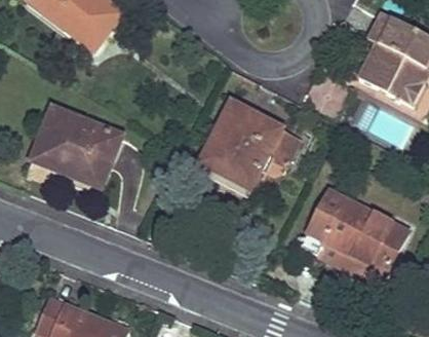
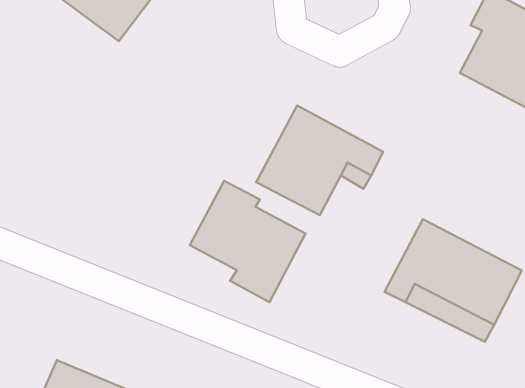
building: [33,109,122,188] -> none
building: none -> [190,181,306,302]

